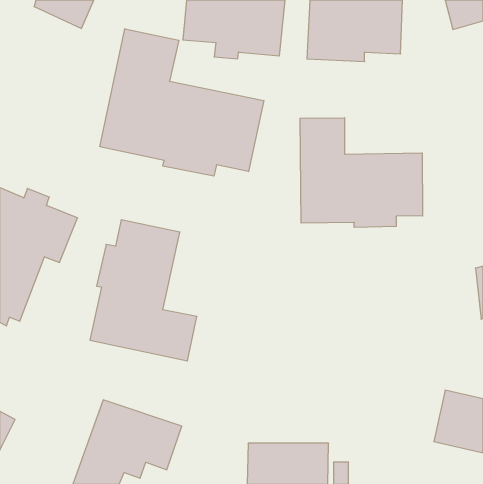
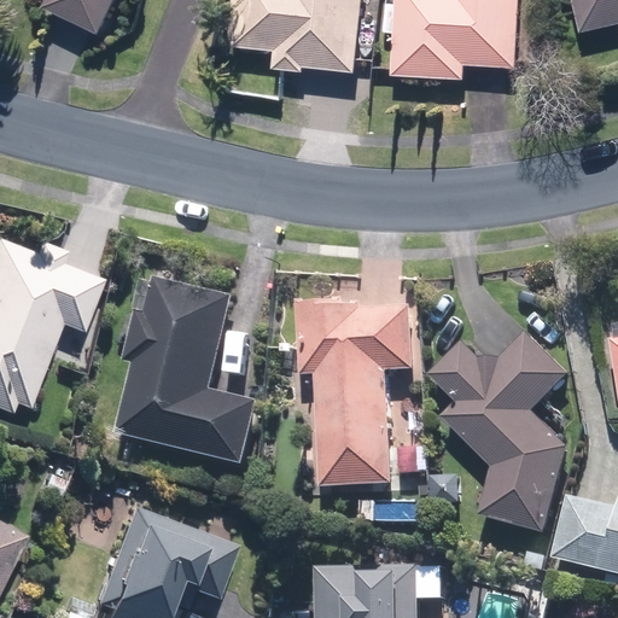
building: [100,29,264,176] -> none
building: [300,118,423,227] -> none
building: none -> [296,305,408,489]
building: none -> [428,336,567,531]

